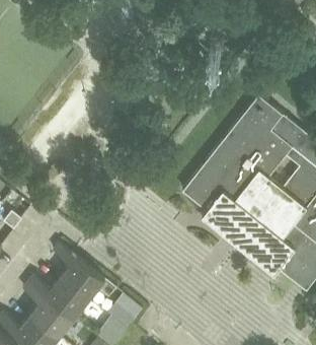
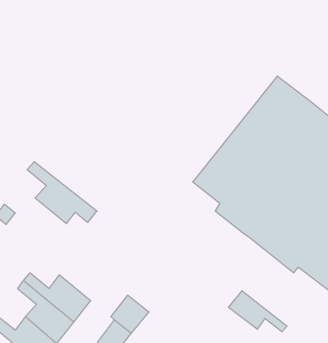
building: [55,244,117,299] -> [27,162,97,224]
building: none -> [229,291,287,332]

